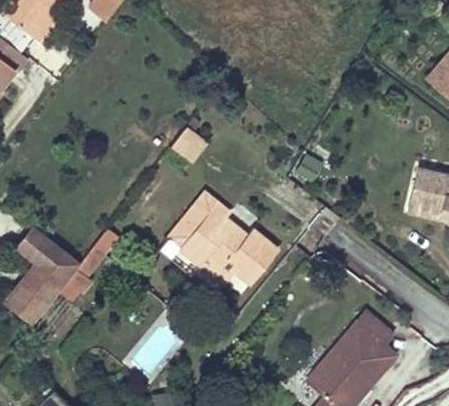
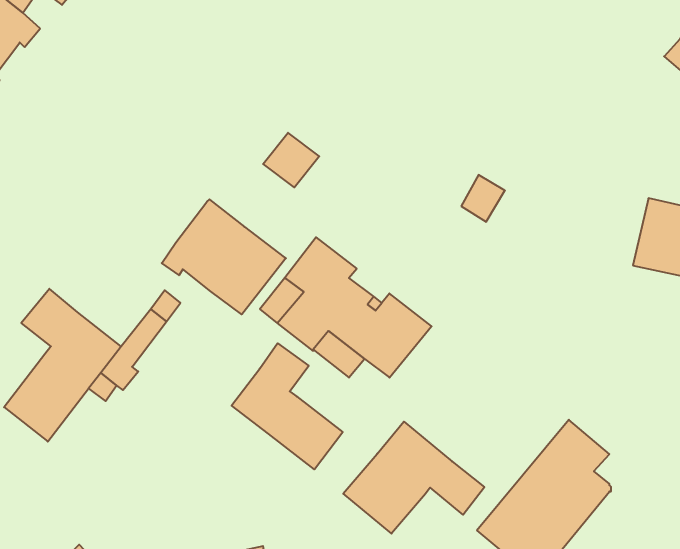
building: none -> [162,199,286,314]
building: none -> [232,343,343,469]
building: none -> [343,422,484,534]

